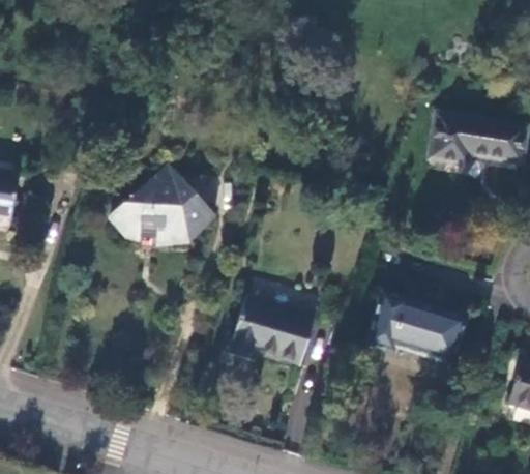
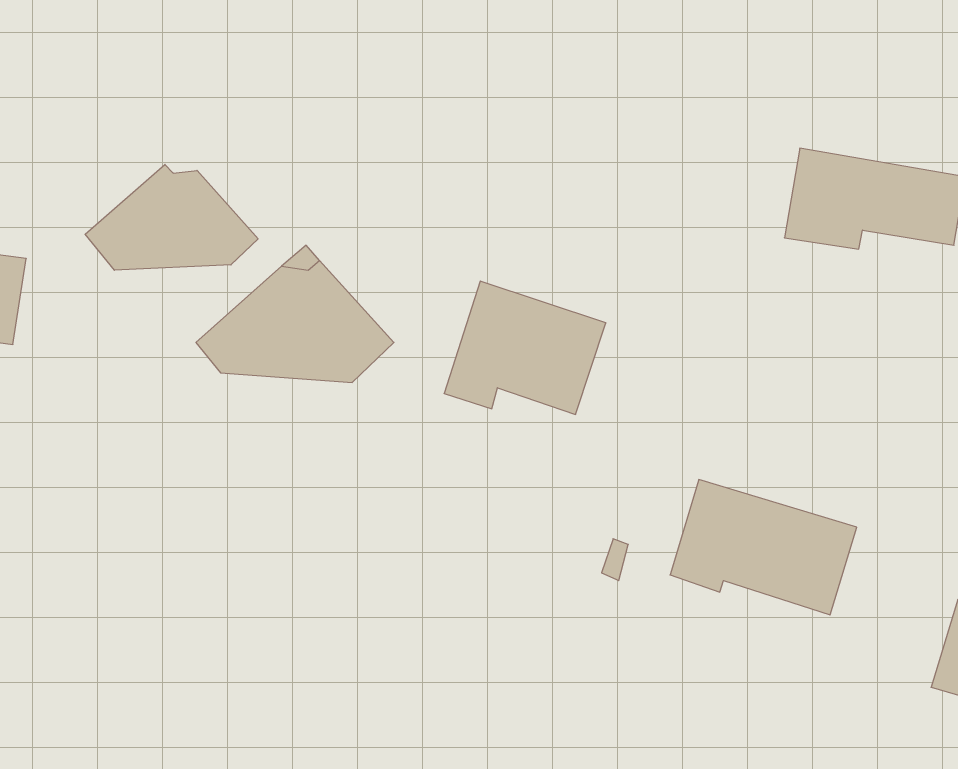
building: none -> [85,164,258,270]
building: [228,294,316,366] -> [444,281,606,414]

